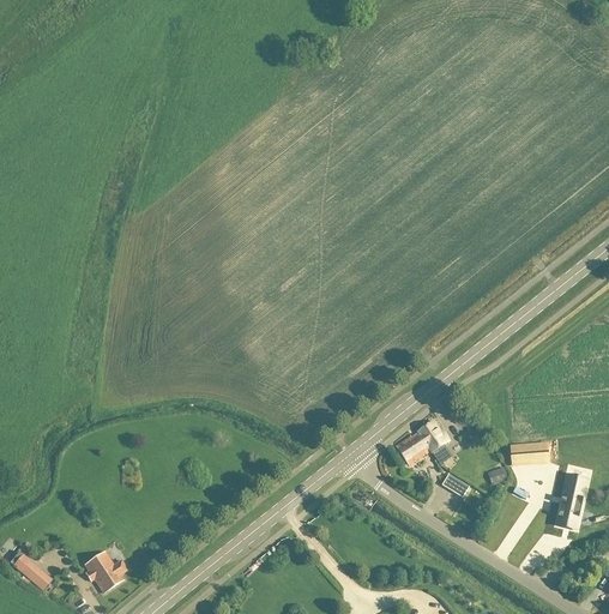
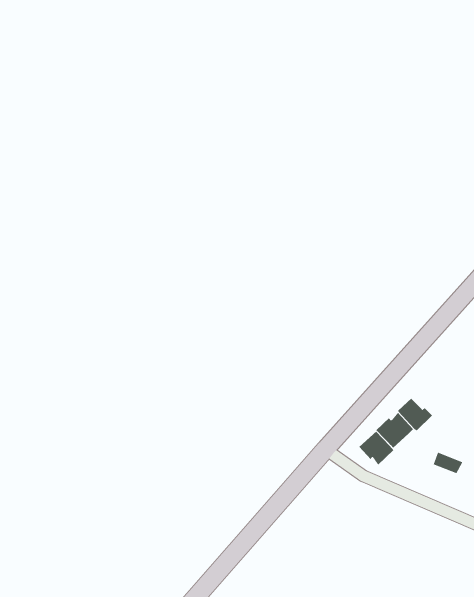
building: none -> [358,431,394,465]

